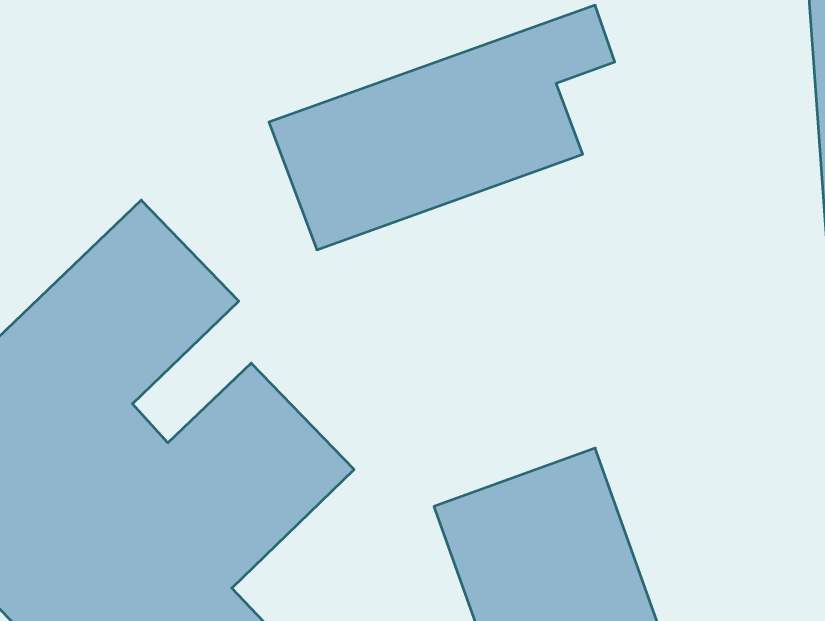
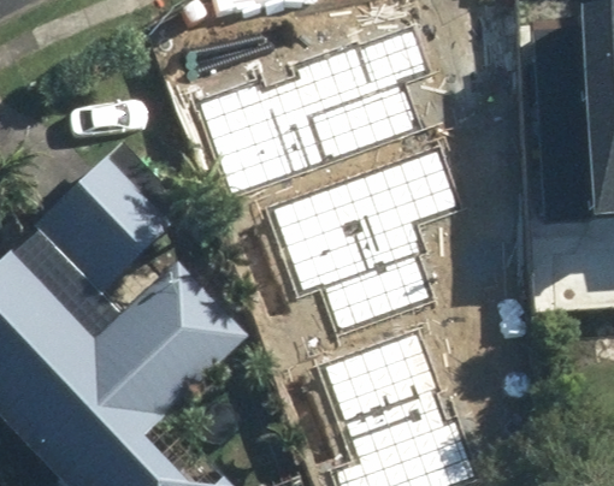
building: none -> [270,156,449,333]

